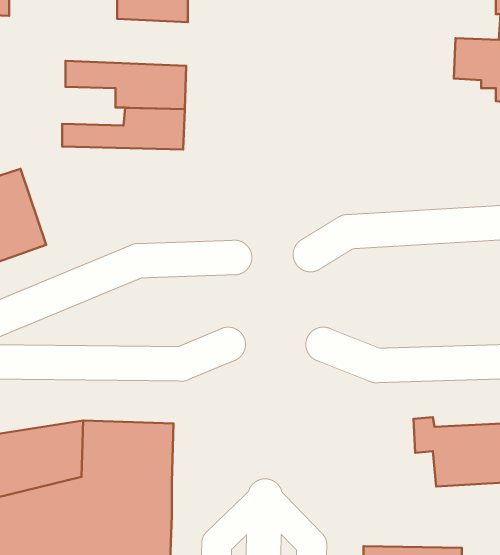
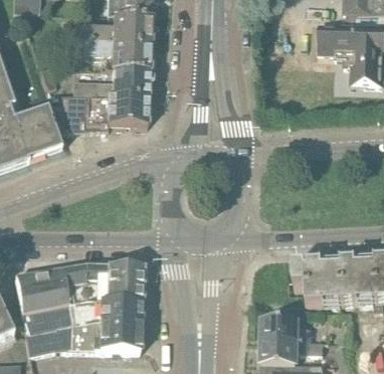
building: none -> [76,13,153,42]
building: none -> [54,92,152,131]
building: none -> [262,319,325,343]

